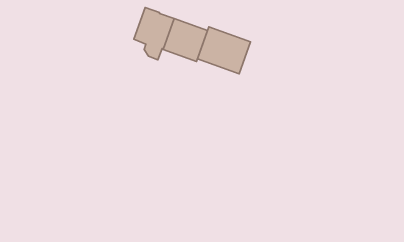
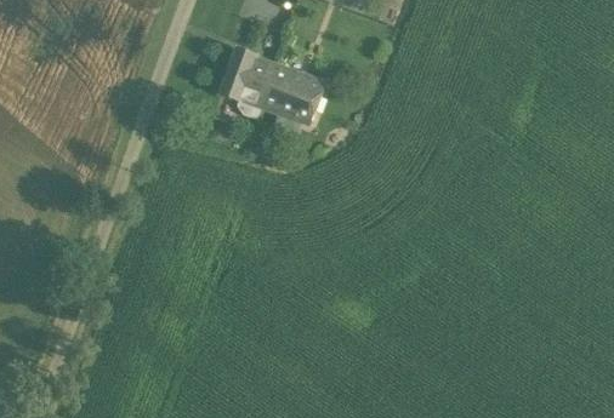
building: [197,27,251,74] -> none

